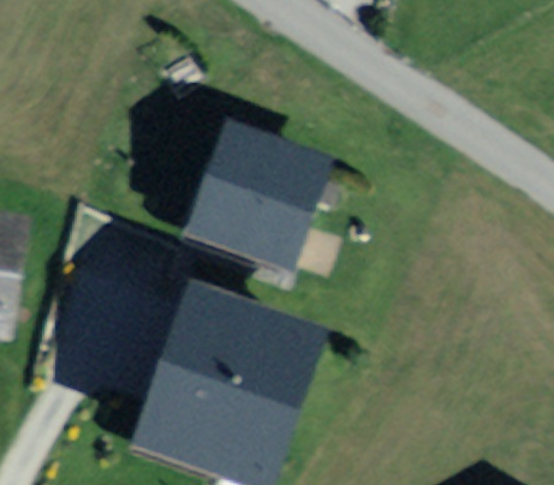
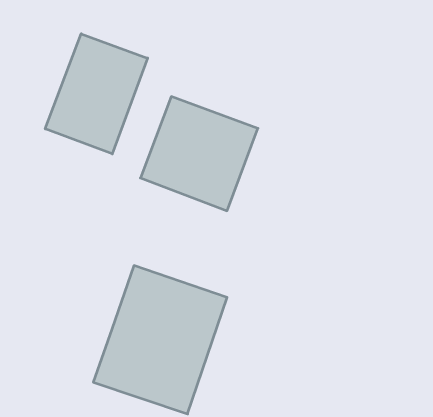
building: none -> [45,34,148,154]

